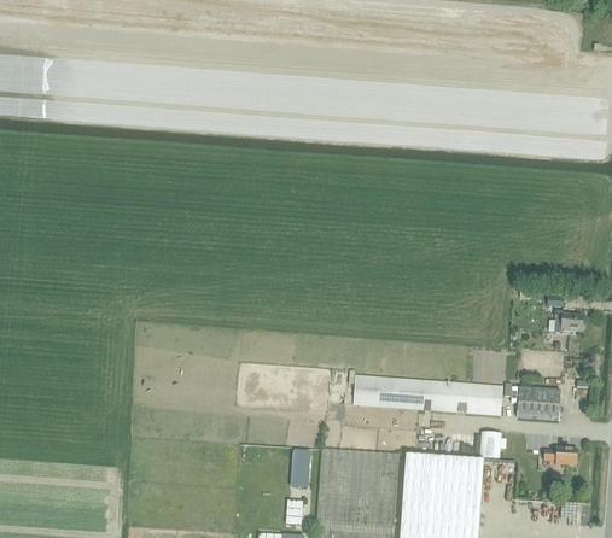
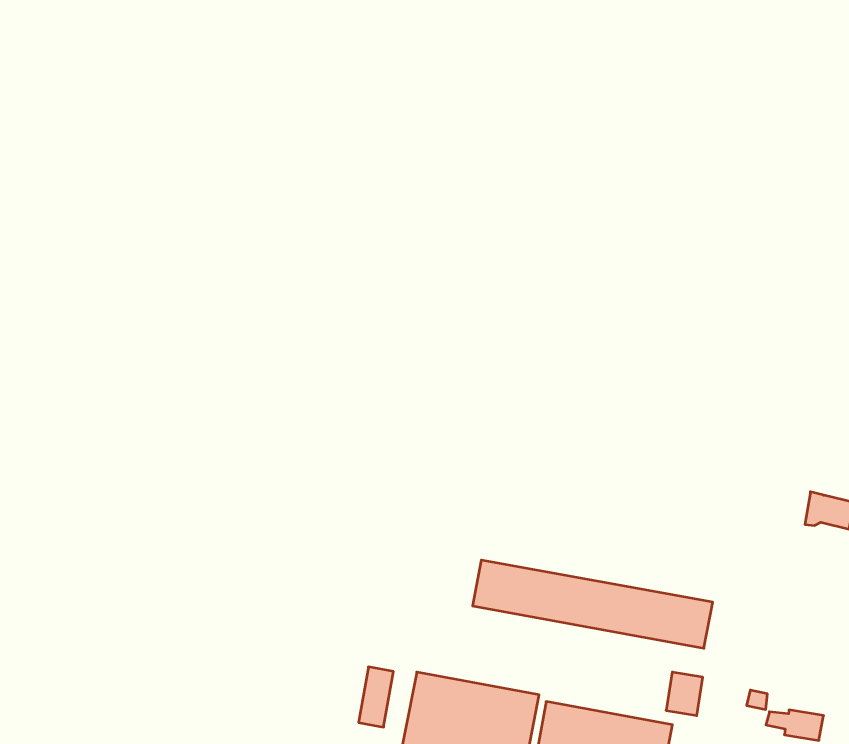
building: [515,387,559,422] -> none

